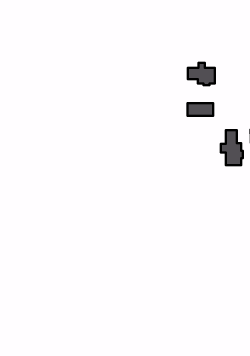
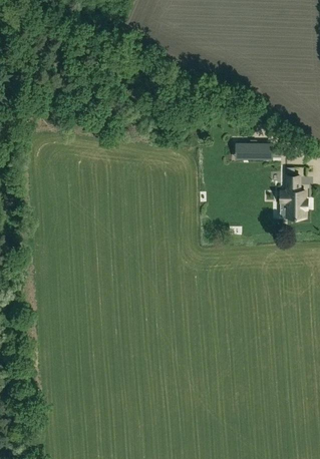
building: [188,63,215,85] -> none

